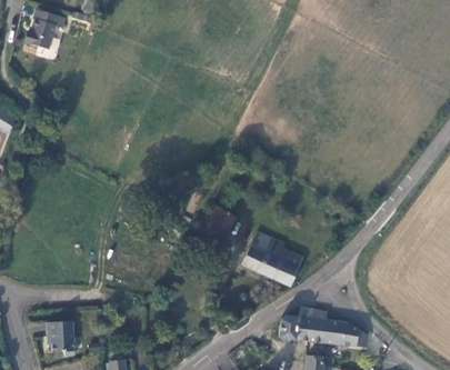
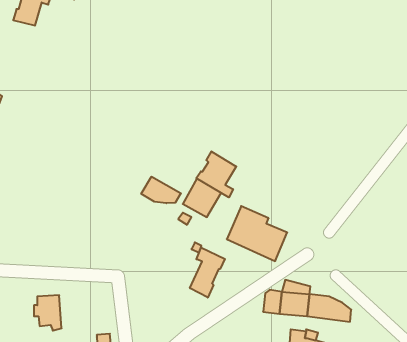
building: none -> [196,151,236,197]
building: none -> [141,177,181,203]
building: none -> [190,247,225,298]

